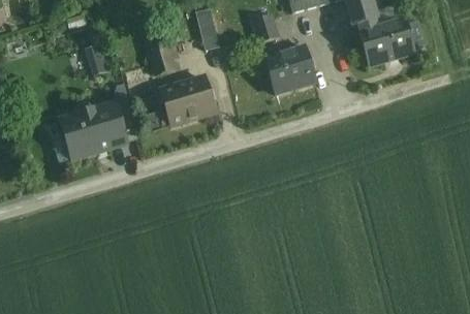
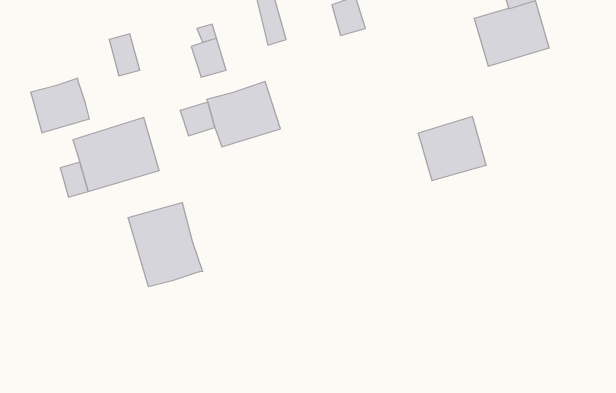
building: [265,45,316,93] -> [418,116,486,181]
building: none -> [31,78,89,133]
building: none -> [128,202,203,287]

